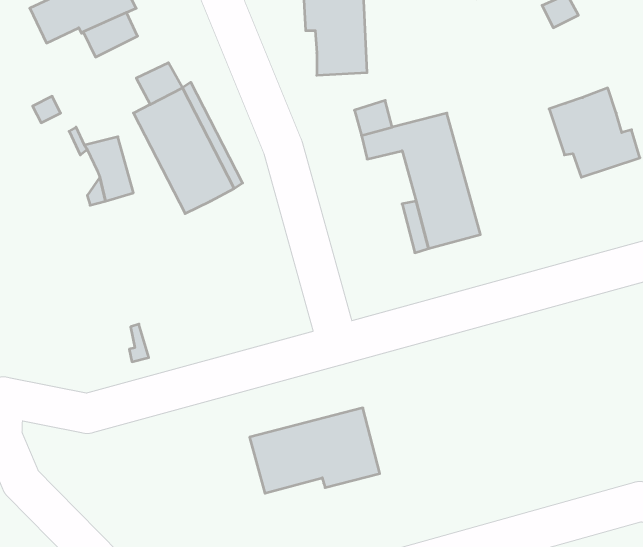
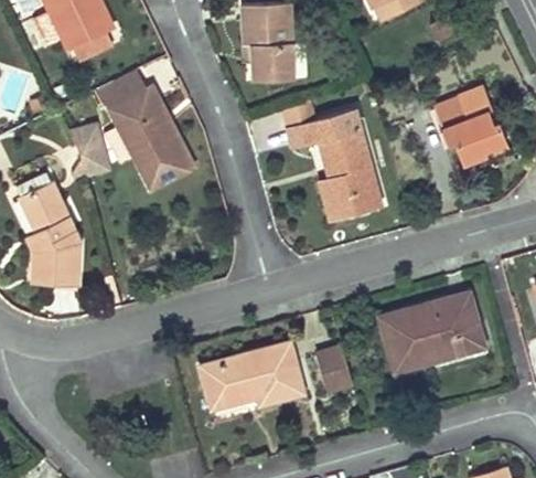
building: none -> [19,178,81,284]
building: none -> [378,293,482,371]
building: none -> [315,348,352,392]

